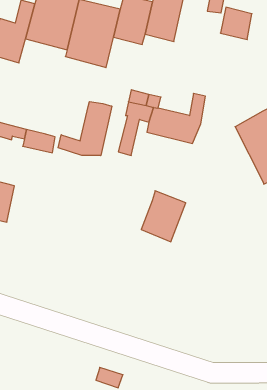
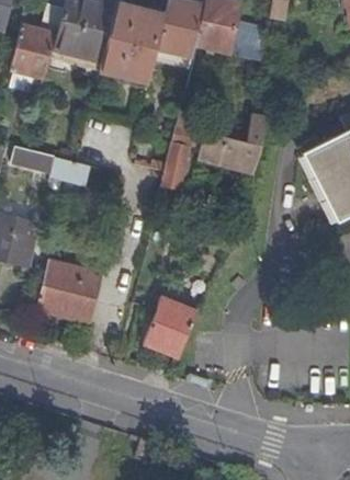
building: [220,7,252,40] -> [228,23,266,61]
building: [58,102,112,156] -> none
building: [141,191,186,242] -> [144,298,196,358]
building: none -> [36,260,102,325]

